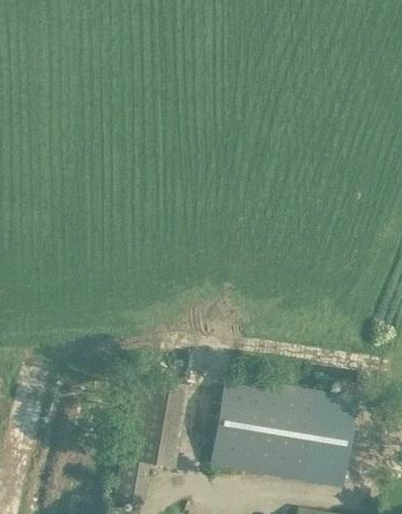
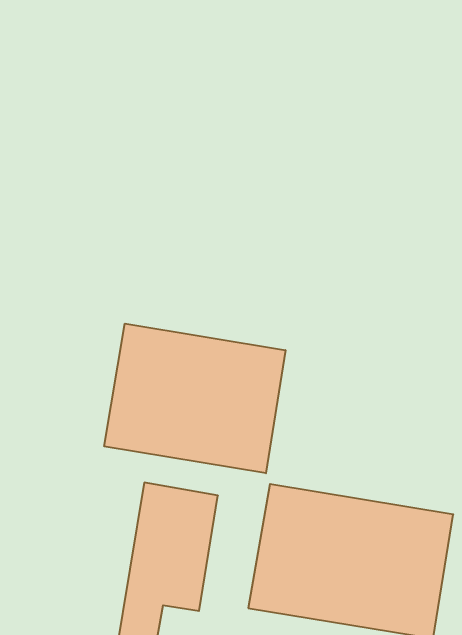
building: none -> [104,324,285,473]

